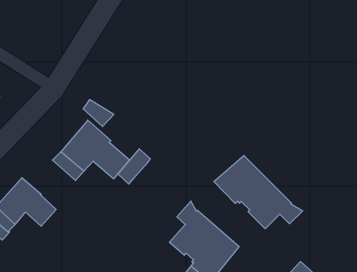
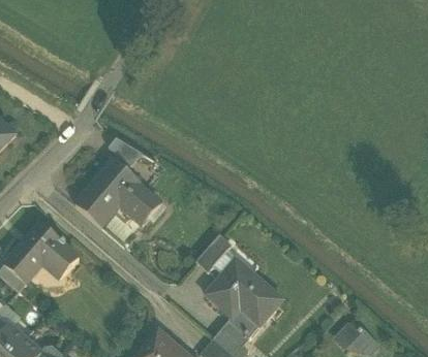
building: [118,149,150,184] -> [195,232,232,271]
building: [214,155,303,229] -> none

